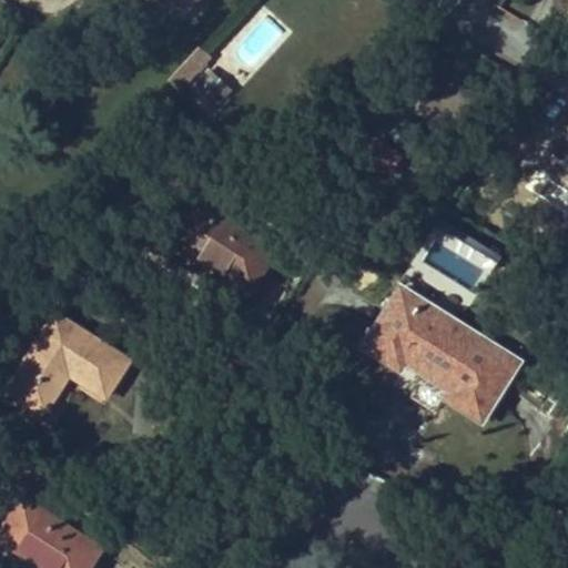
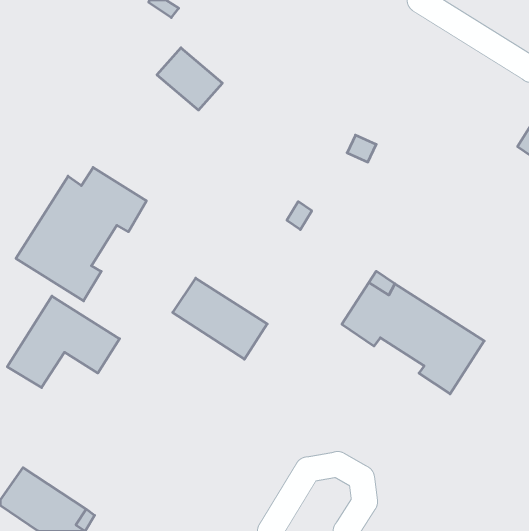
building: none -> [16,167,146,301]
building: [178,203,278,290] -> [173,278,267,359]

